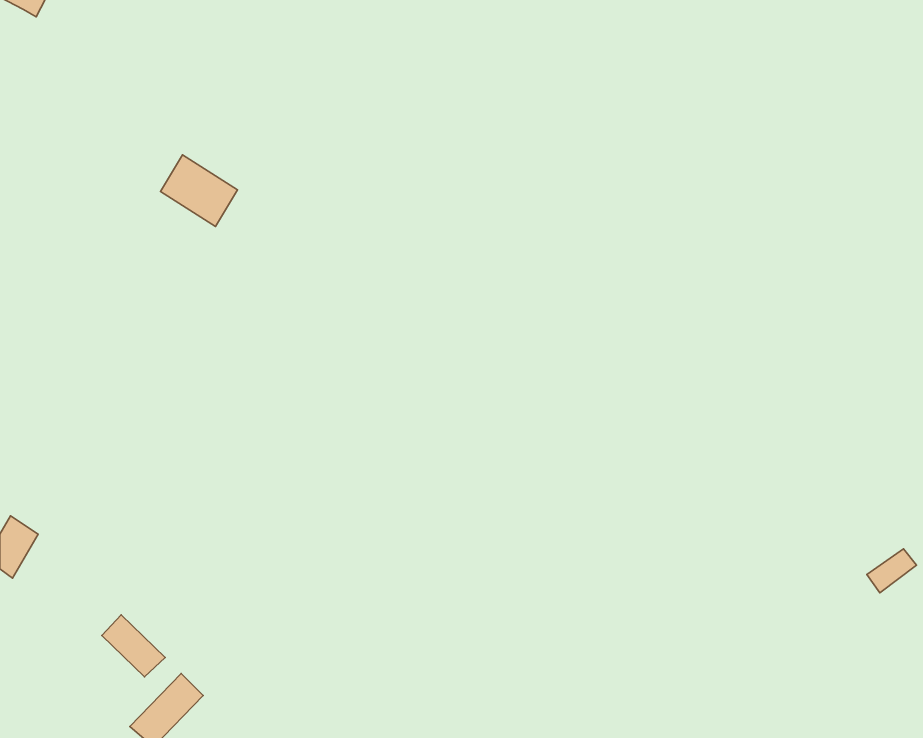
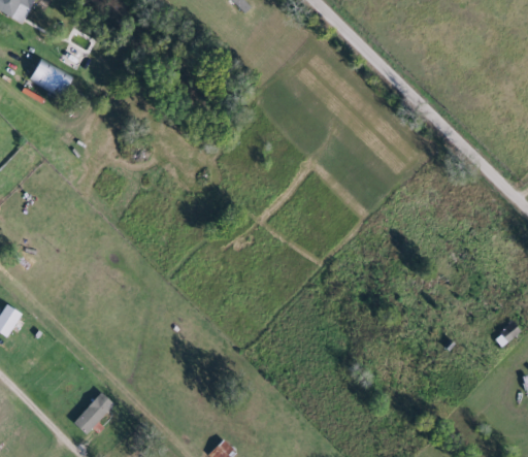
building: [160,155,237,226] -> [30,59,73,99]
building: [102,615,165,677] -> none

